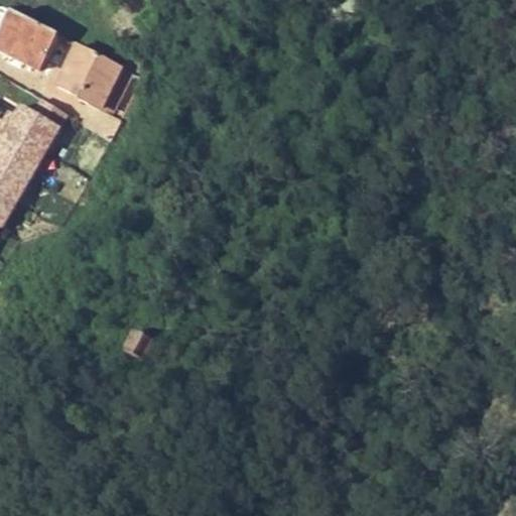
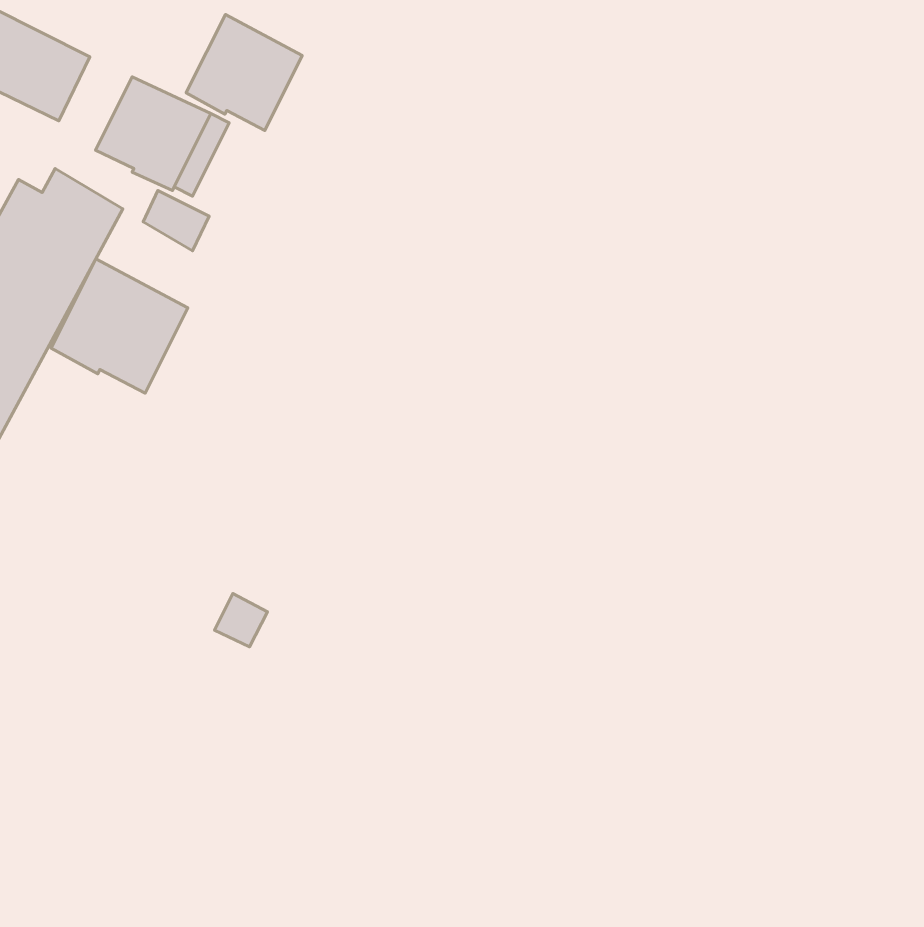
building: none -> [186,14,302,130]
building: none -> [51,259,188,393]

